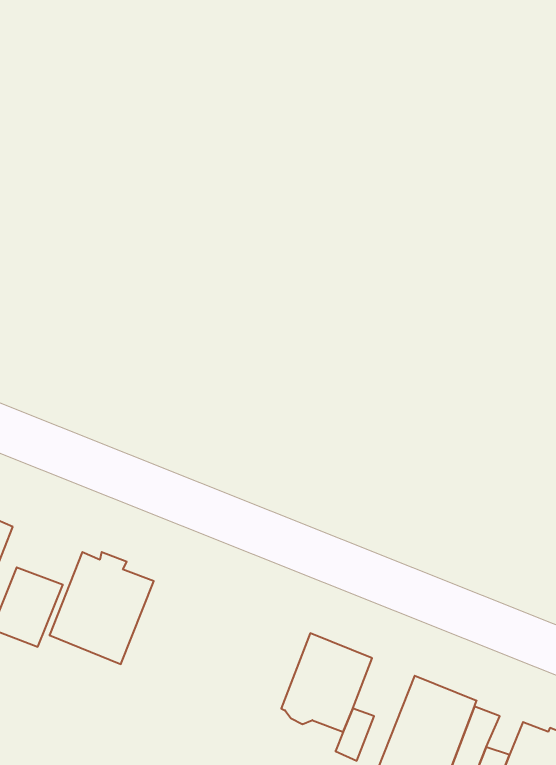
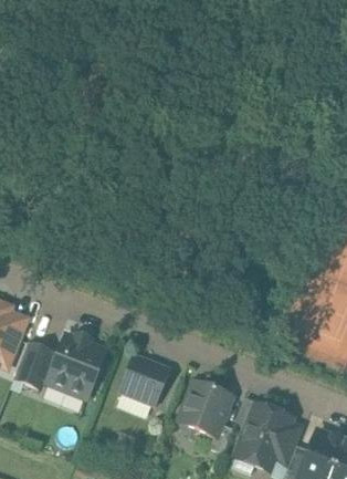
building: none -> [118,356,169,406]

